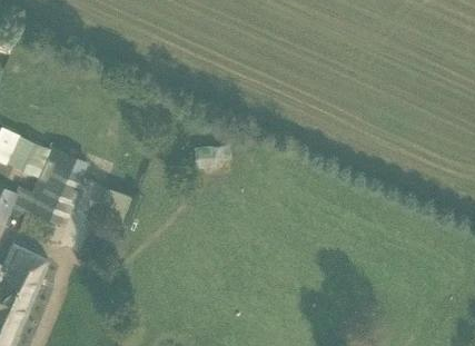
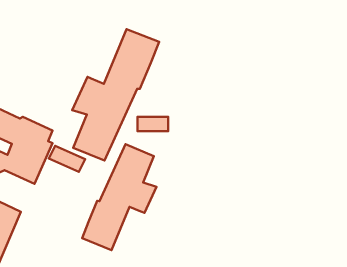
building: none -> [72,29,159,161]
building: none -> [82,144,156,250]

